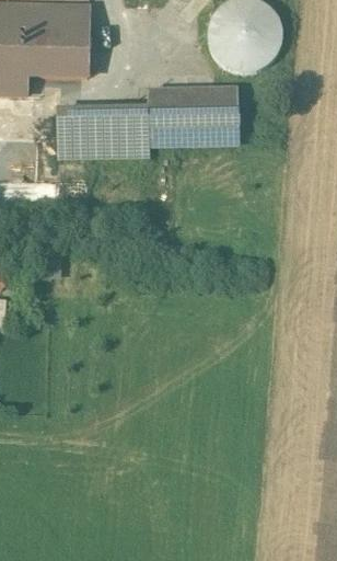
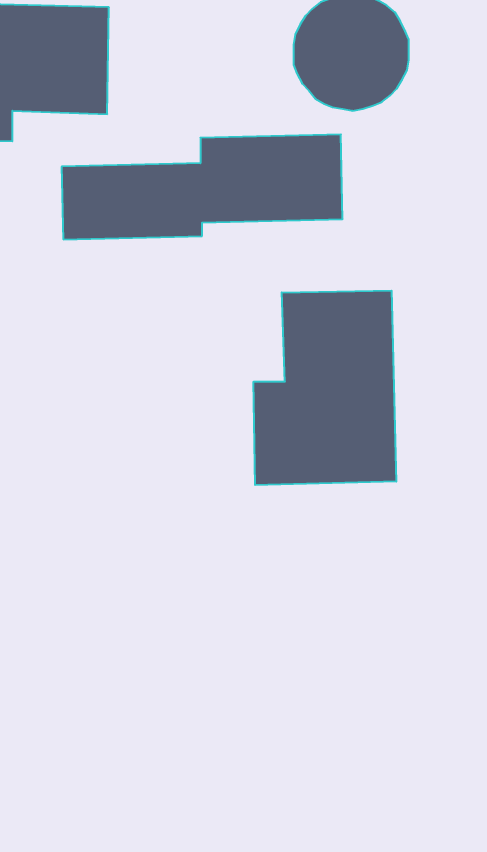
building: none -> [254,291,396,485]

